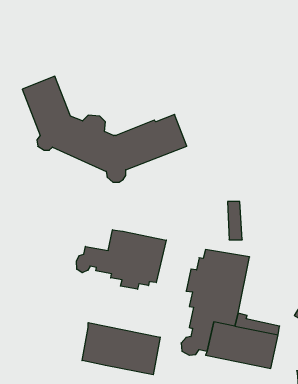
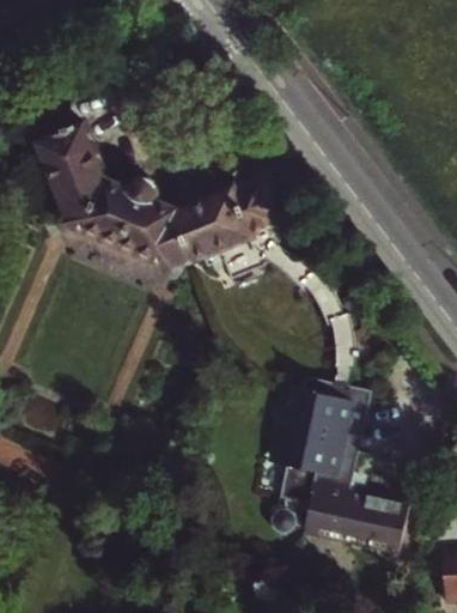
building: [76,230,166,289] -> none
building: [82,323,160,375] -> none

